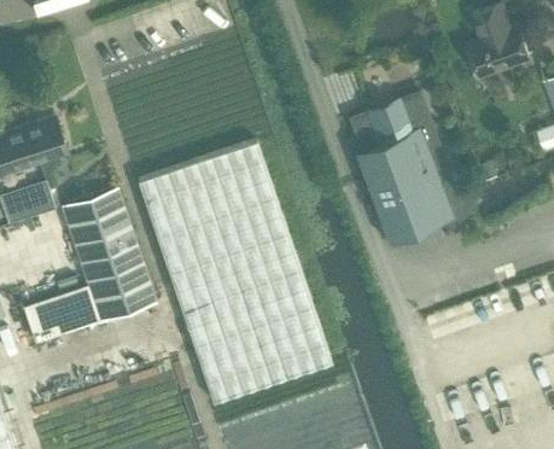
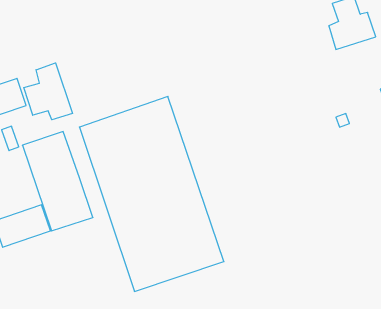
building: [355,95,474,240] -> none
building: none -> [24,63,72,120]

